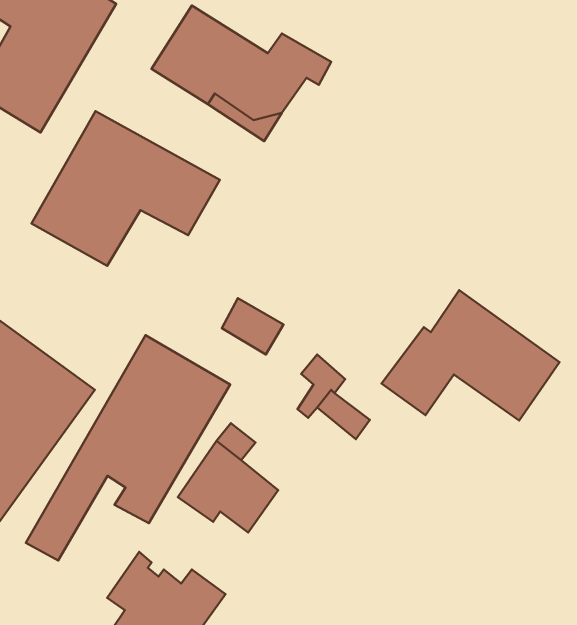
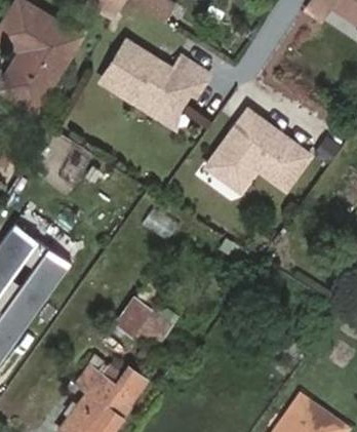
building: [31,111,220,266] -> none
building: [382,290,560,420] -> [207,113,311,189]
building: [26,335,230,561] -> none

